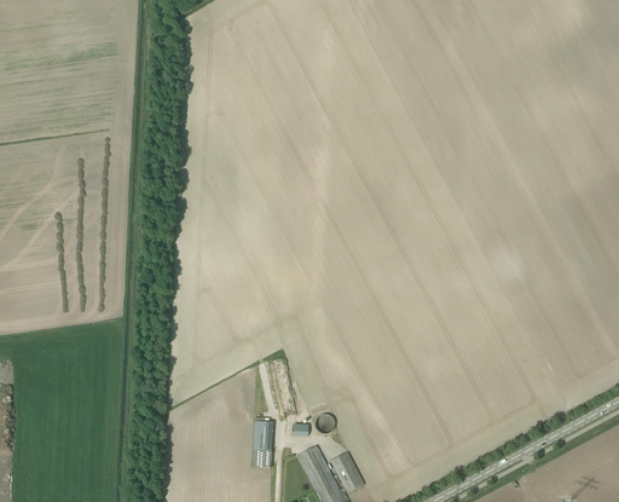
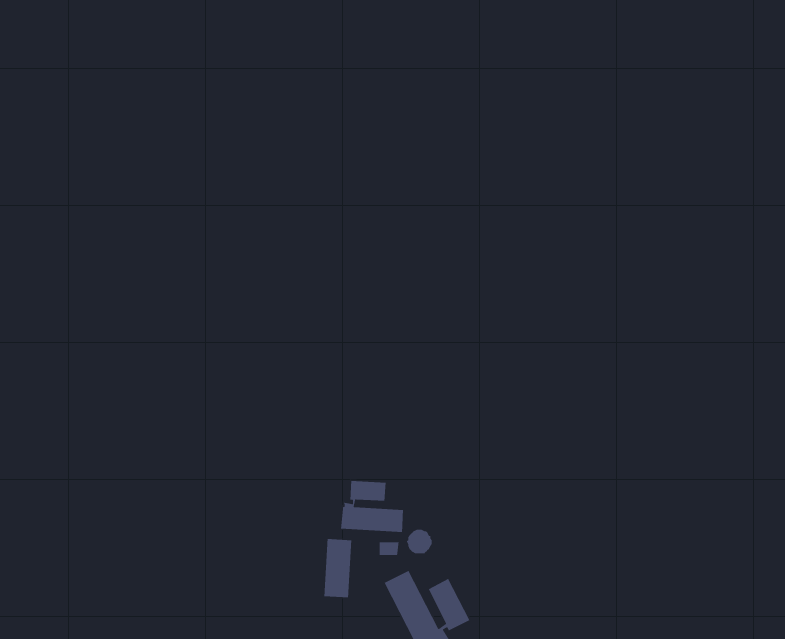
building: none -> [340,480,404,533]

